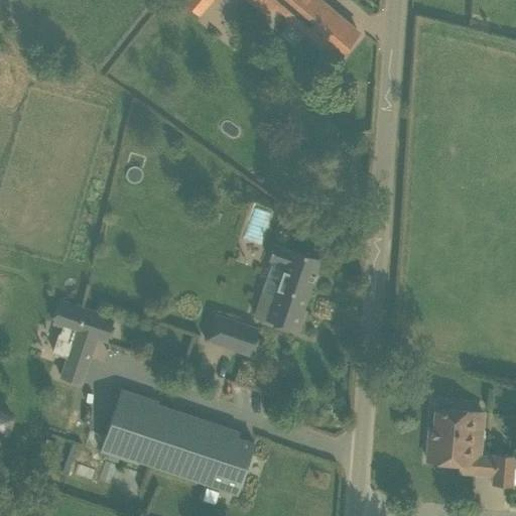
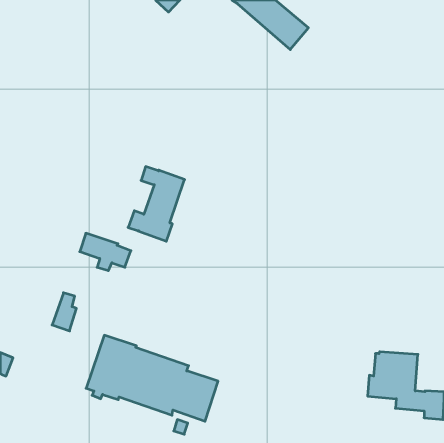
building: [254,245,319,332] -> [128,167,185,241]
building: [53,301,113,345] -> [80,233,131,271]
building: [206,315,257,356] -> none

